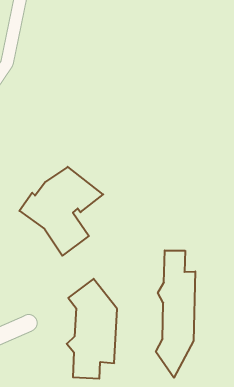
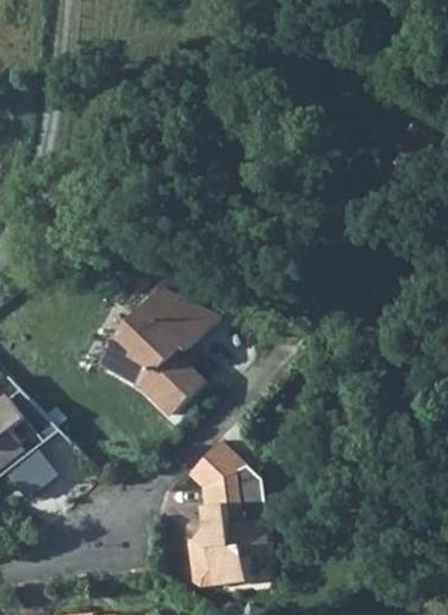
building: [156,250,195,378] -> none

